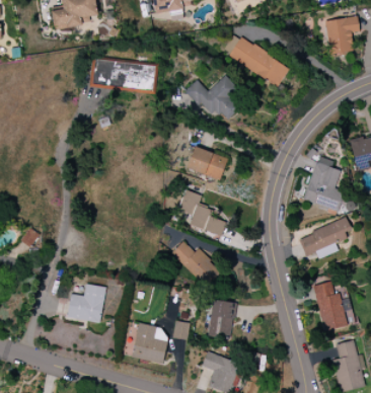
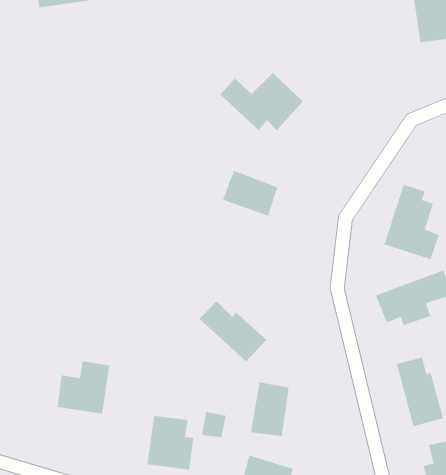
building: [222,32,289,86] -> none
building: [91,59,156,92] -> none
building: [177,189,225,236] -> none

